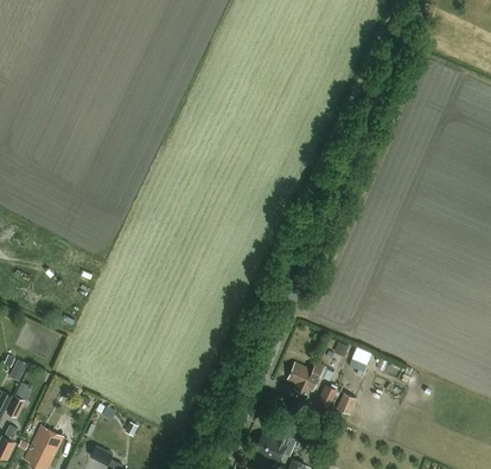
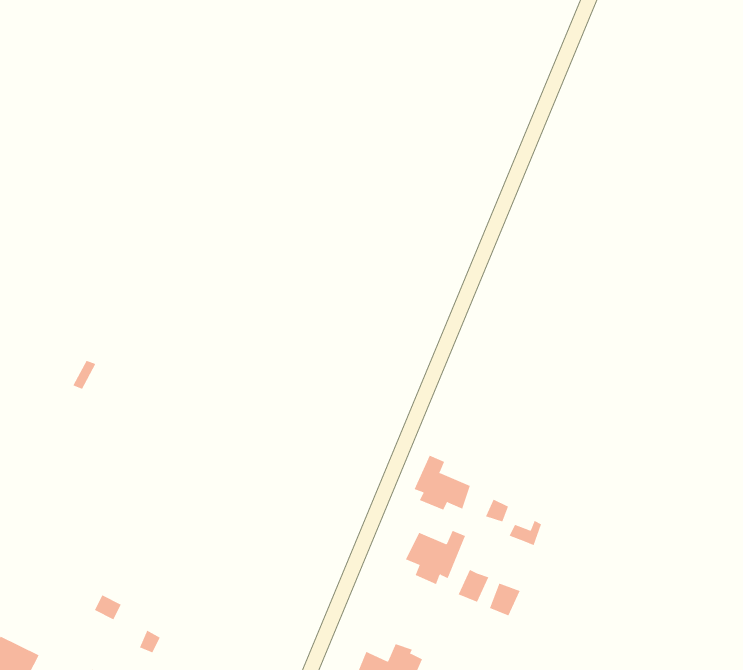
building: none -> [414,455,470,511]

